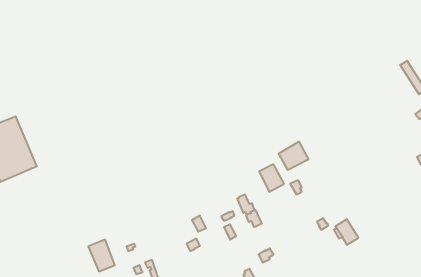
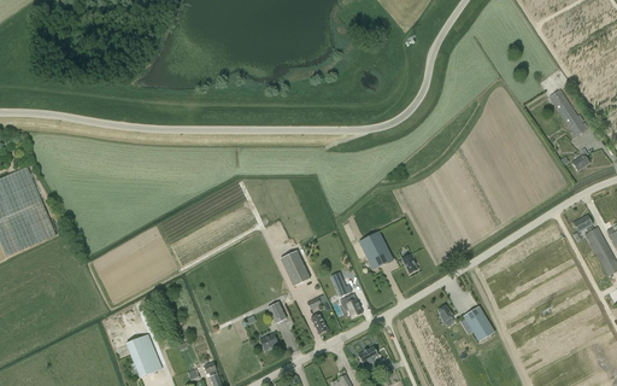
building: [279,142,308,170] -> none
building: none -> [280,251,310,286]

